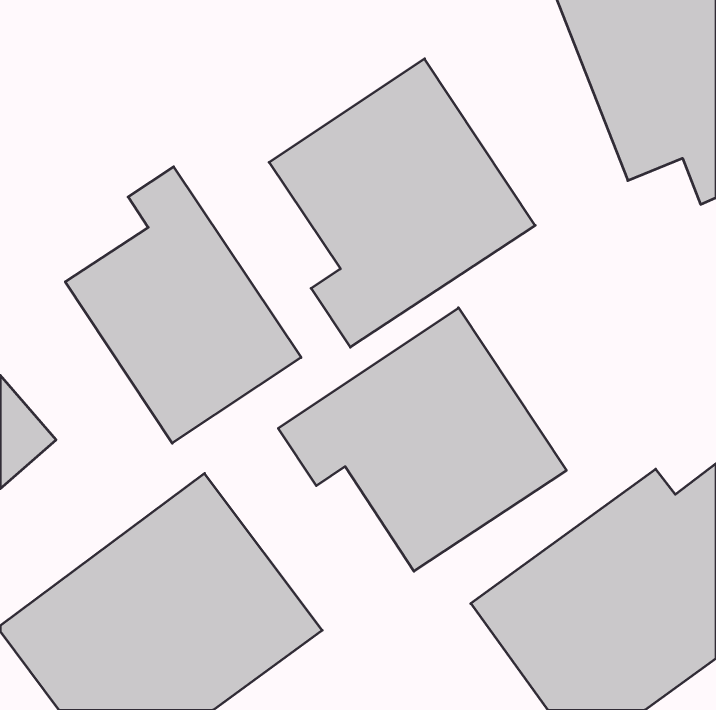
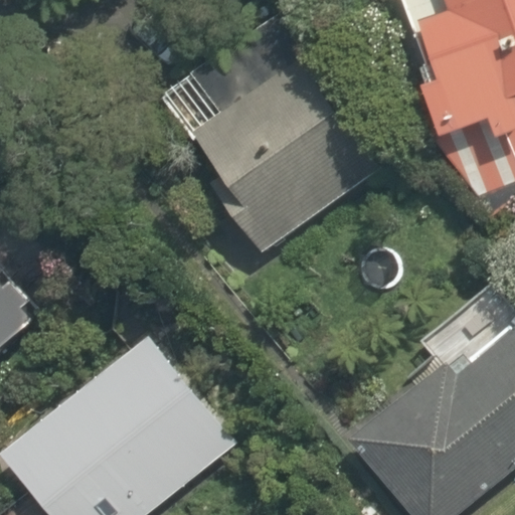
building: [65,167,301,443] -> none
building: [278,308,566,571] -> none

